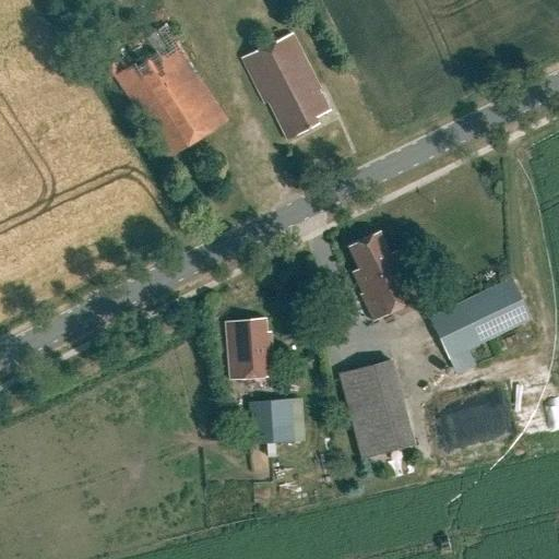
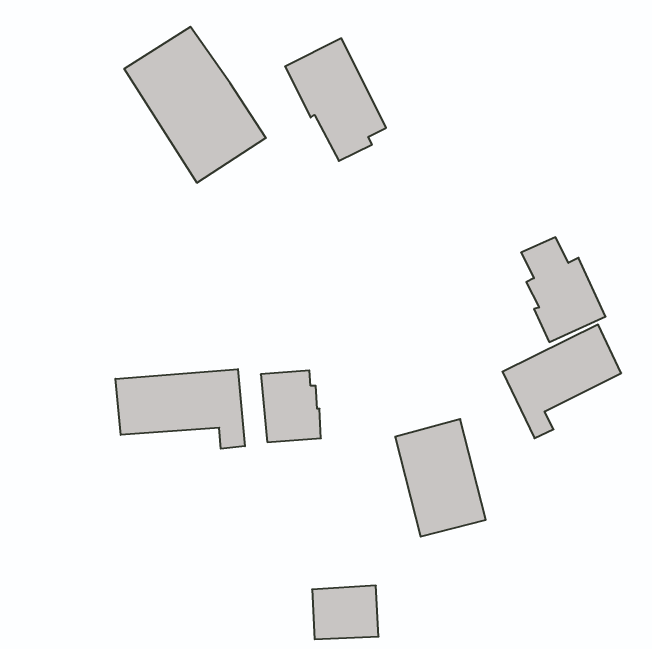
building: [345,234,417,323] -> [521,237,606,342]
building: none -> [115,369,245,449]
building: [251,395,308,441] -> [312,586,379,639]

